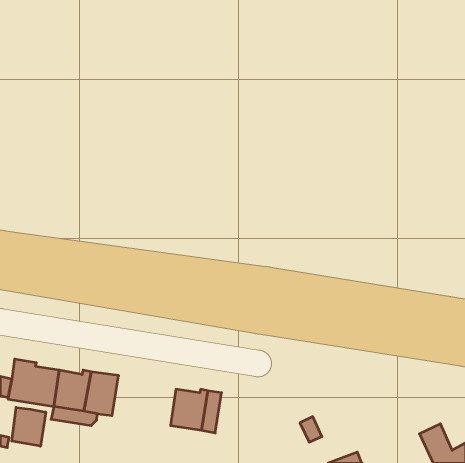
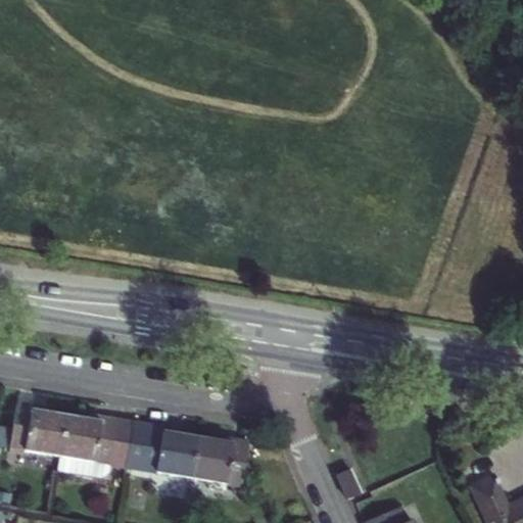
building: none -> [127,421,198,477]
building: [12,407,46,446] -> none

